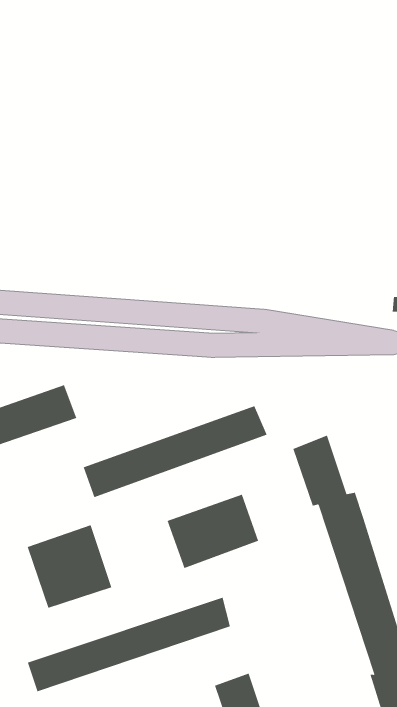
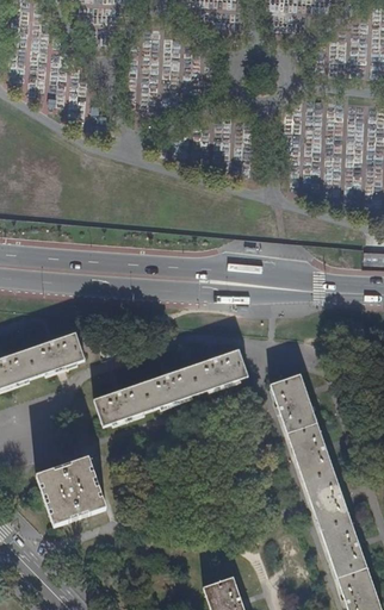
building: [167,494,259,569] -> none
building: [27,597,230,692] -> none

